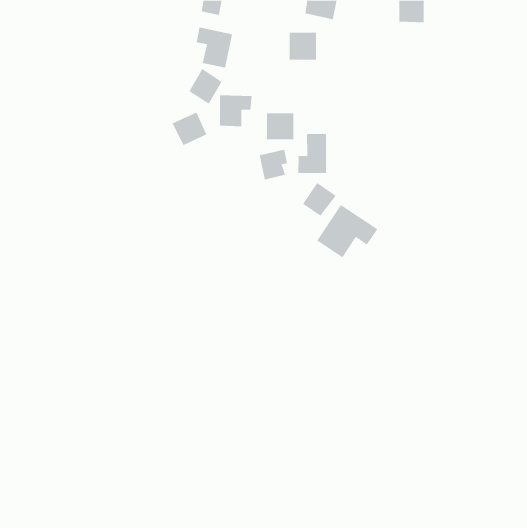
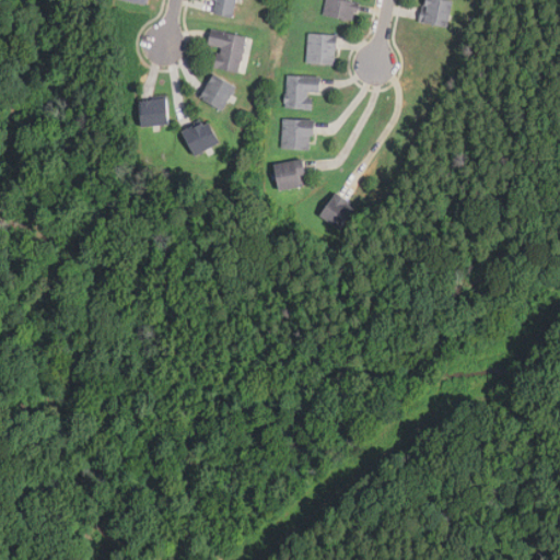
building: none -> [138,100,168,126]
building: [219,95,252,127] -> [284,75,319,109]
building: [298,133,326,174] -> none
building: [316,204,378,258] -> none

